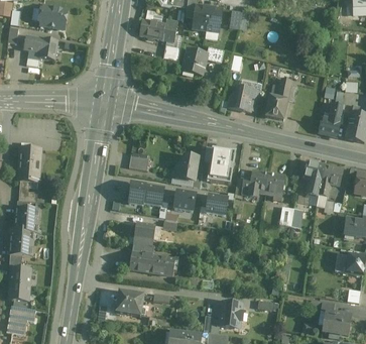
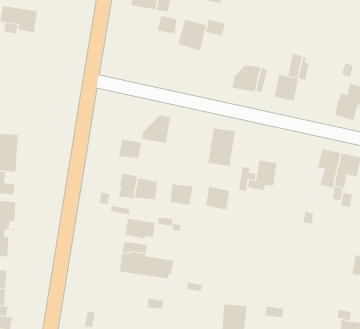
building: [171,155,198,181] -> [141,115,171,143]
building: [265,174,284,199] -> none
building: [116,292,143,315] -> none

